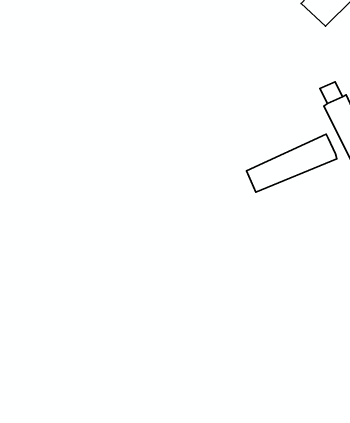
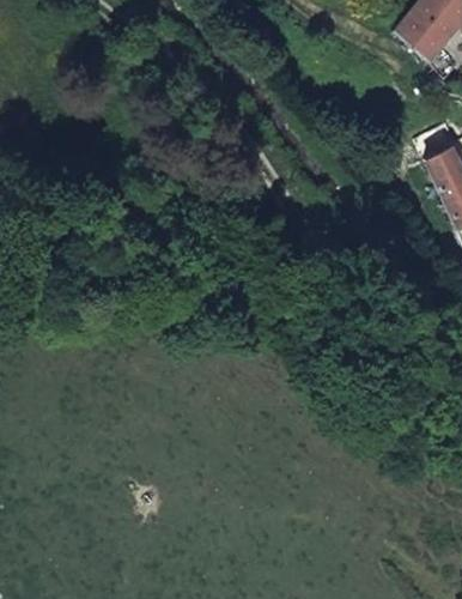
building: [247,134,337,192] -> none

